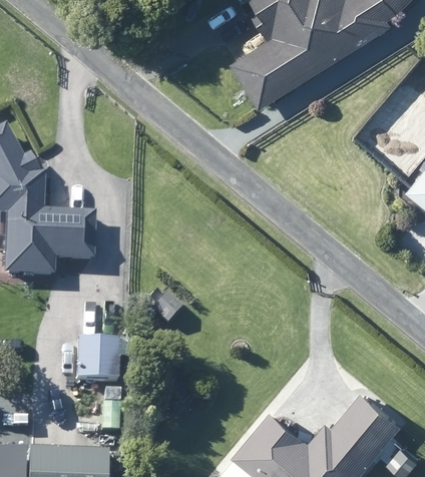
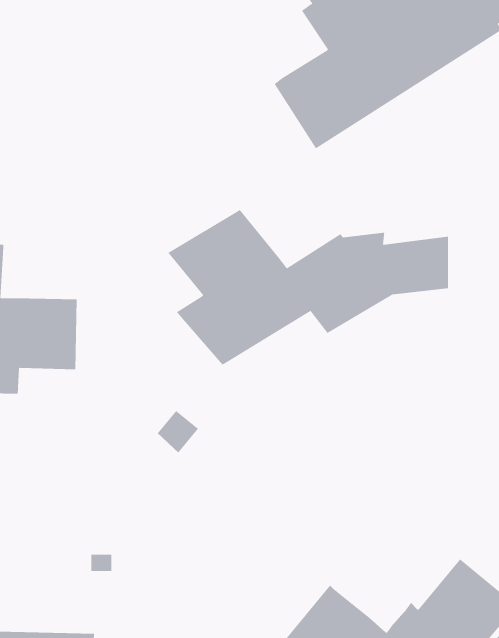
building: none -> [167,209,448,366]
building: [57,343,118,383] -> none

